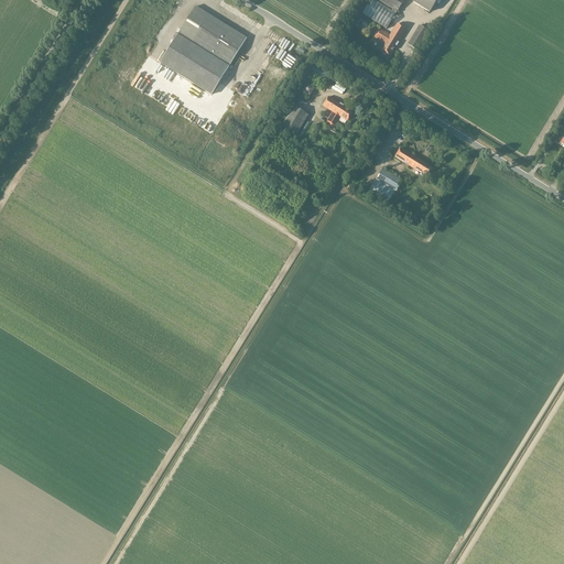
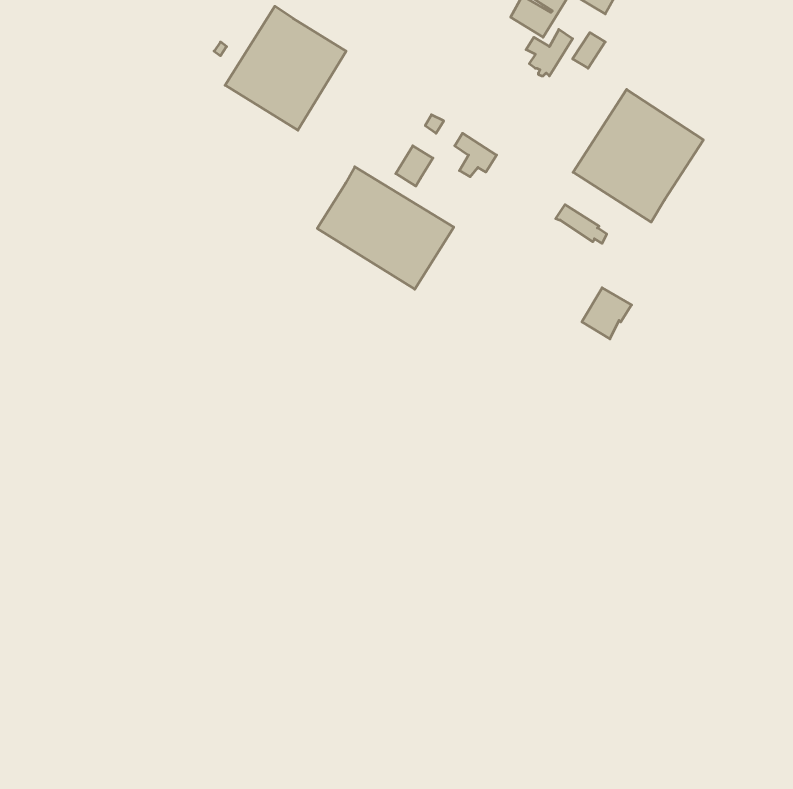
building: none -> [573,89,703,222]
building: none -> [317,167,454,289]
building: [368,166,403,203] -> [582,288,632,339]

